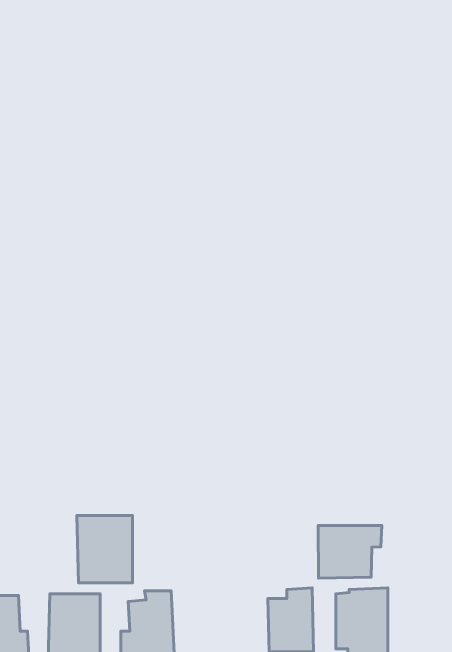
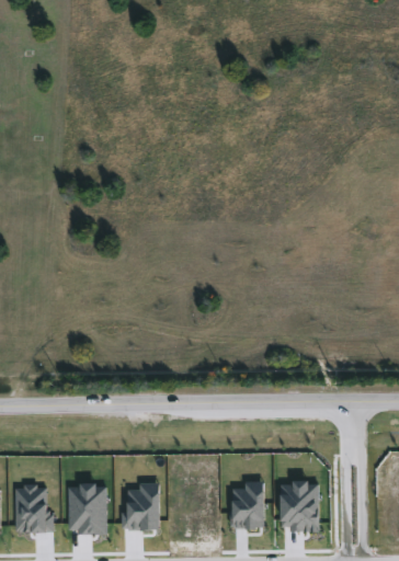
building: [77,516,132,583] -> none
building: [318,526,382,578] -> none

